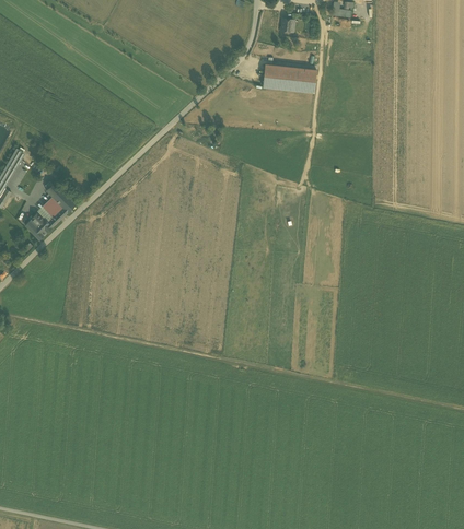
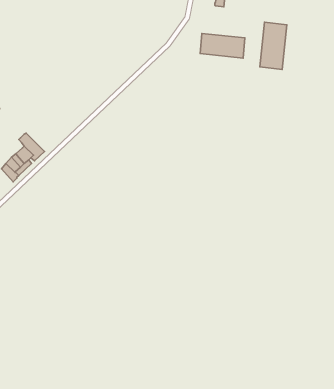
building: none -> [260,22,287,69]

